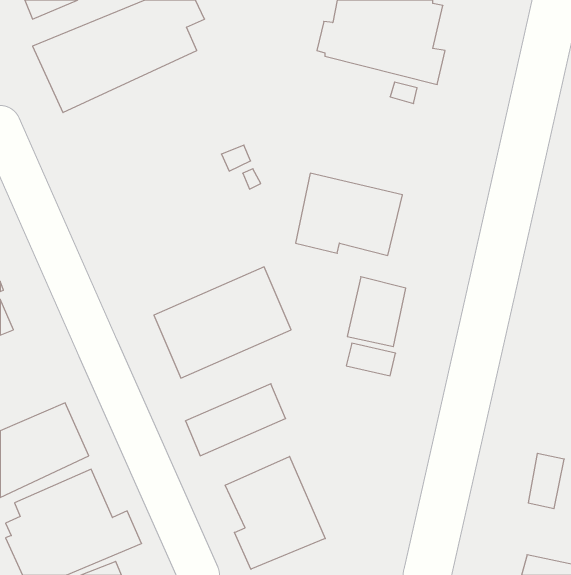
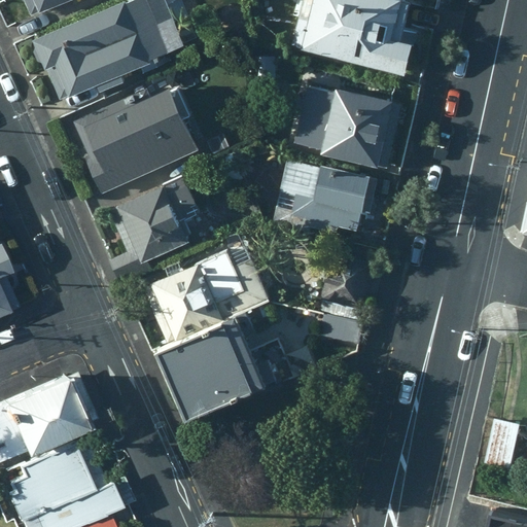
building: none -> [73,87,199,196]
building: none -> [294,87,402,171]
building: none -> [110,178,202,282]
building: none -> [160,318,251,385]
building: [225,456,325,569] -> none

